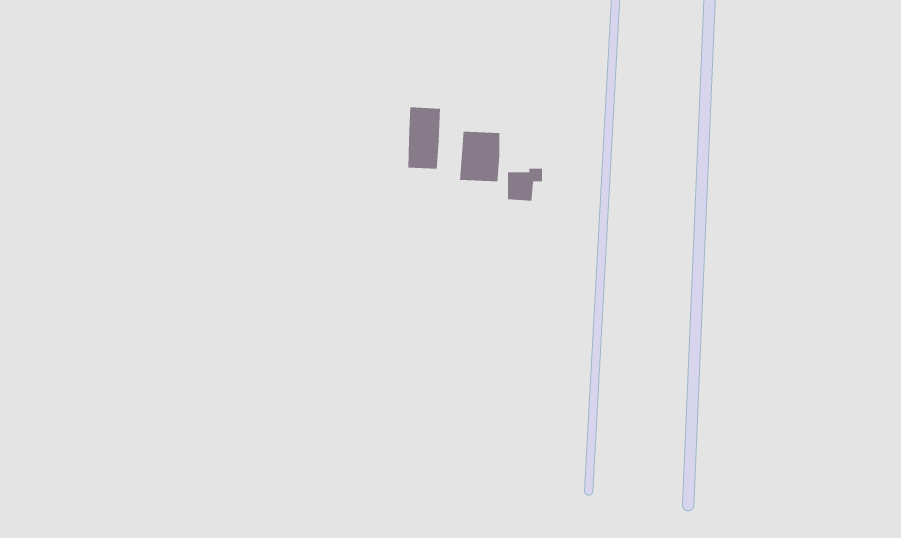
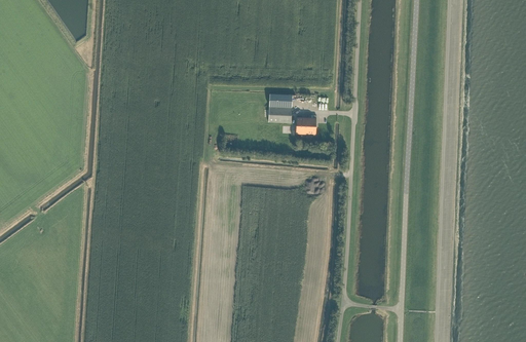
building: [407,106,441,170] -> none

